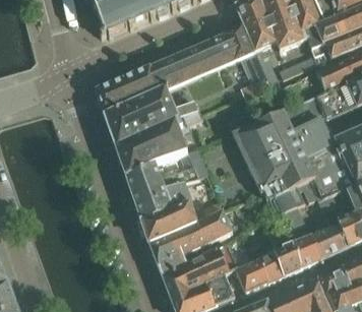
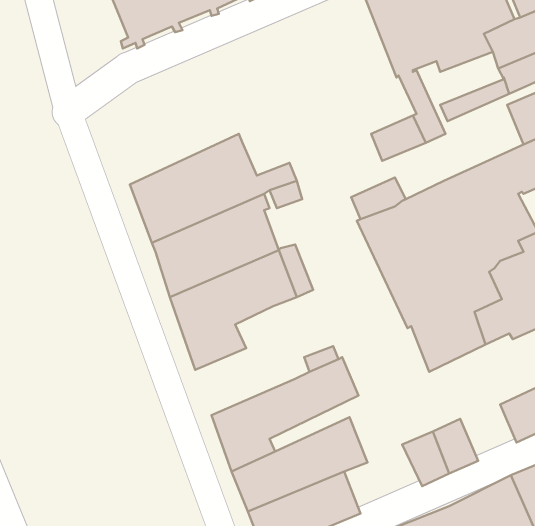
building: [96,24,254,113] -> none
building: [141,181,197,242] -> none
building: [290,234,321,267] -> none
building: [235,258,268,292] -> none

